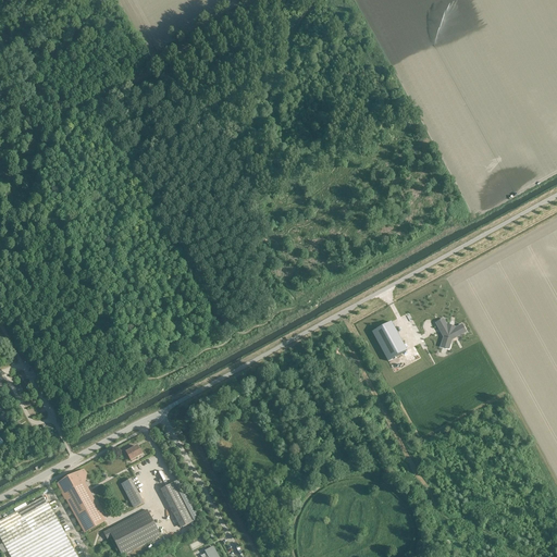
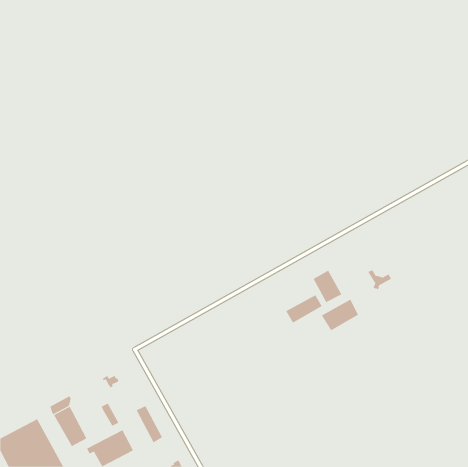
building: none -> [285,295,323,324]
building: none -> [321,299,359,331]

